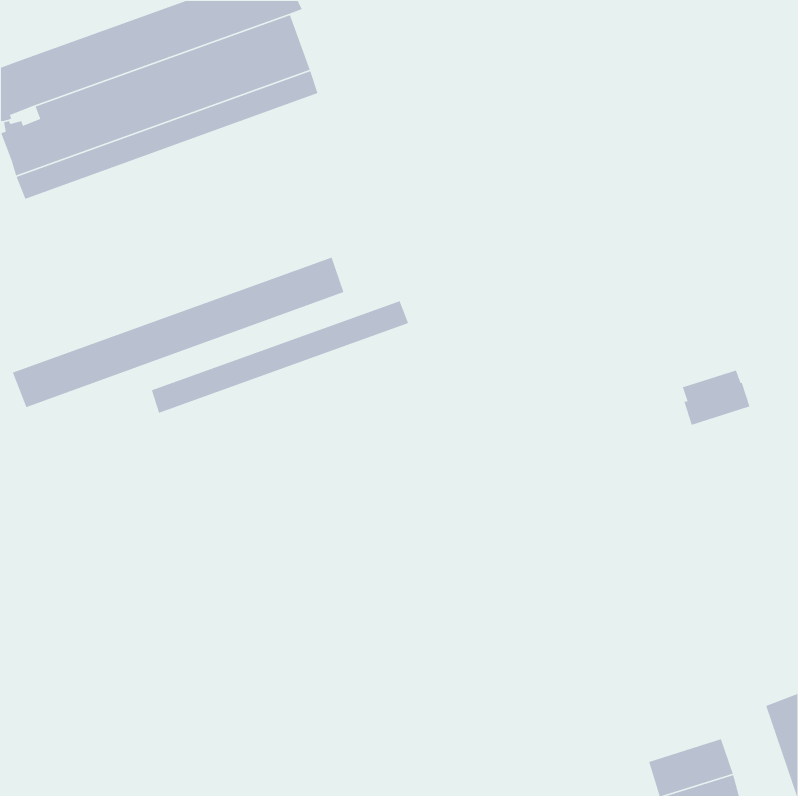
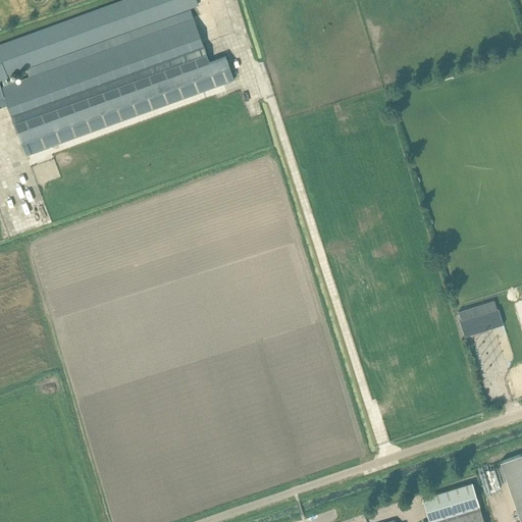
building: [12,257,345,408] -> [16,56,233,155]
building: [151,300,409,414] -> none
building: [682,370,750,426] -> [458,301,503,337]

